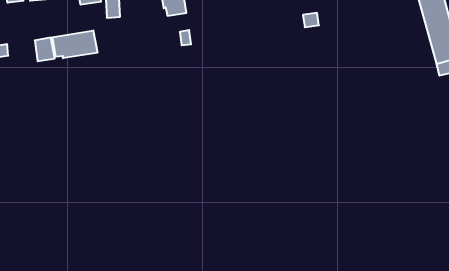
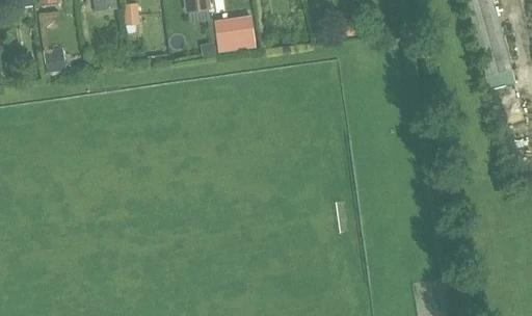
building: none -> [215,17,256,51]
building: [52,30,97,58] -> none

